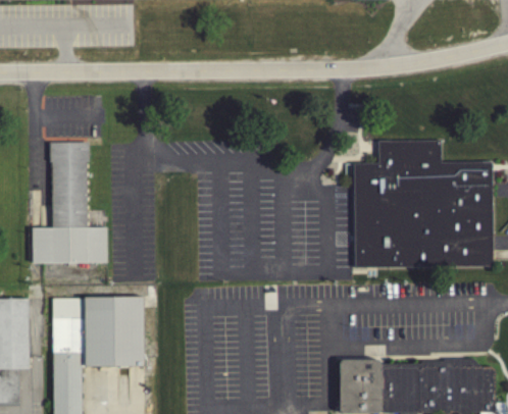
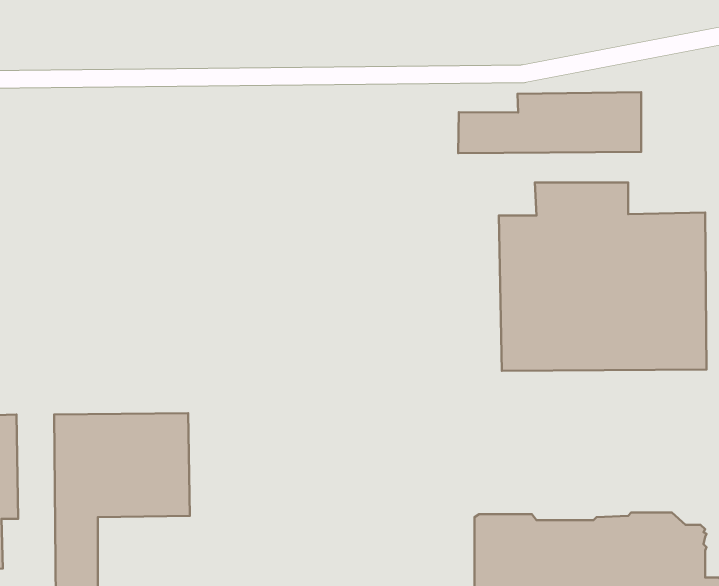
building: none -> [458,92,641,153]
building: [31,146,106,267] -> none

